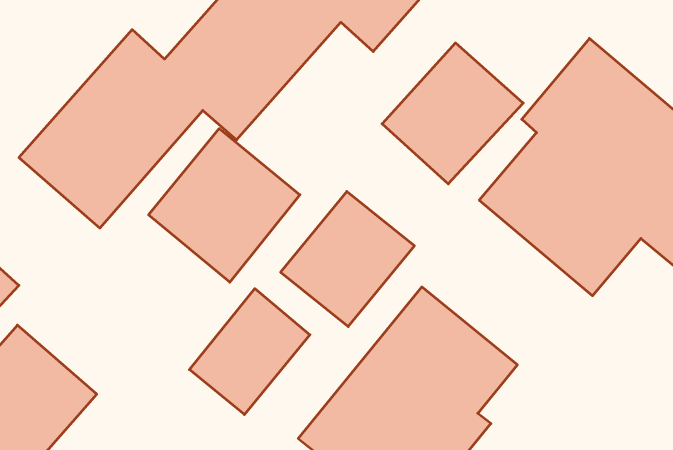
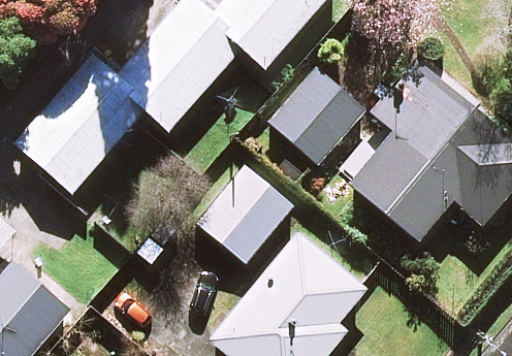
building: [149,129,300,282] -> none
building: [189,289,310,415] -> none

